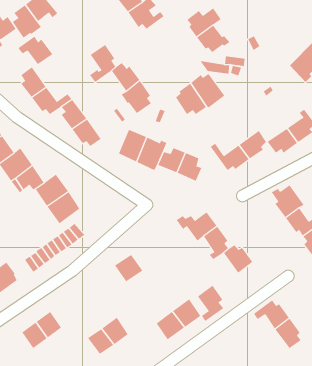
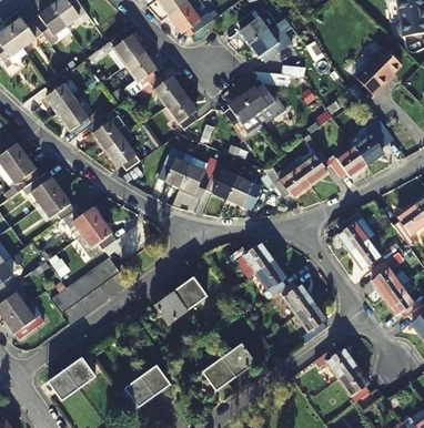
building: [17,36,53,65] -> [103,30,144,63]
building: none -> [174,277,206,310]
building: [197,285,224,322] -> [296,300,327,343]

